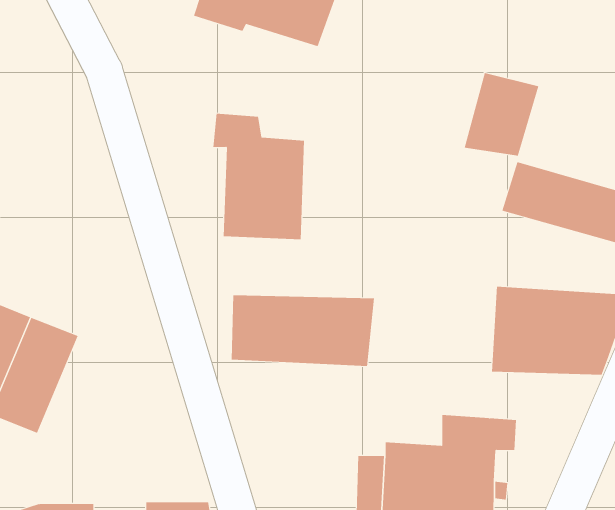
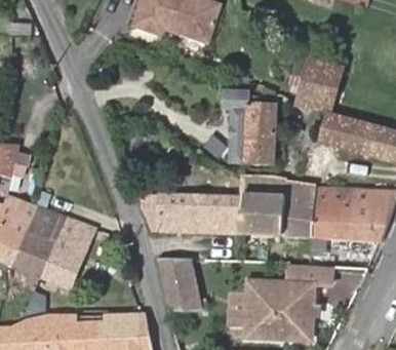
building: [212,113,305,240] -> [222,88,277,164]
building: none -> [239,182,316,238]
building: none -> [41,217,93,286]
building: none -> [153,258,202,313]

